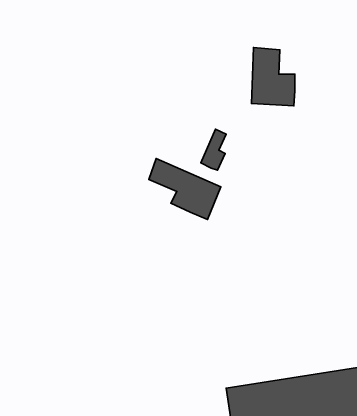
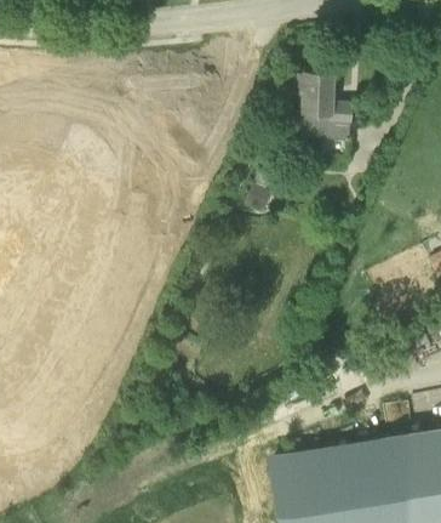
building: [149,159,221,219] -> none

